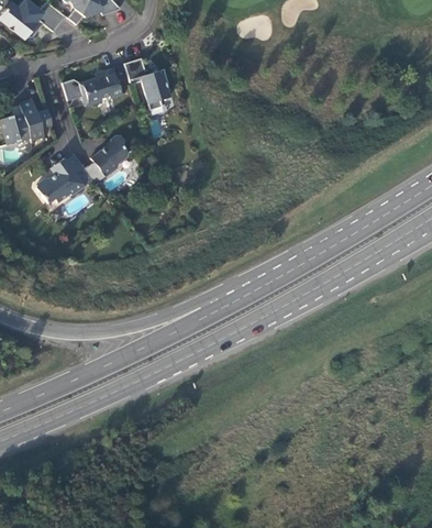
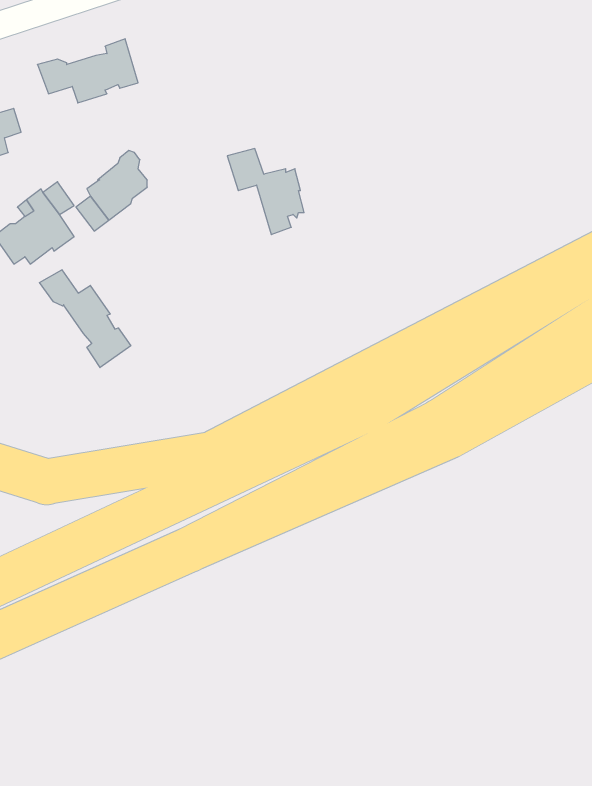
building: [124,58,170,110] -> [227,149,304,235]
building: none -> [39,270,131,368]

